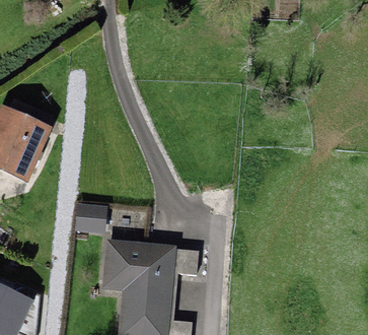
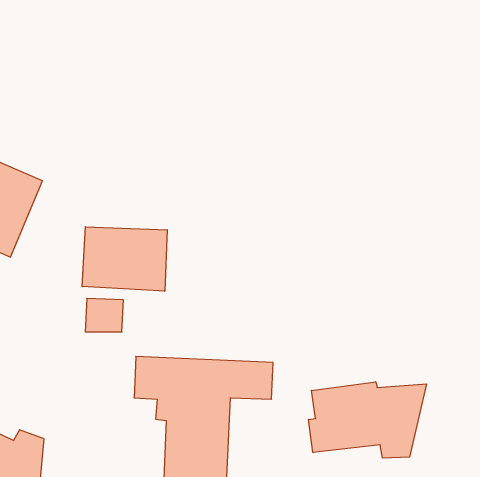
building: none -> [82,227,167,291]
building: none -> [309,382,426,458]

